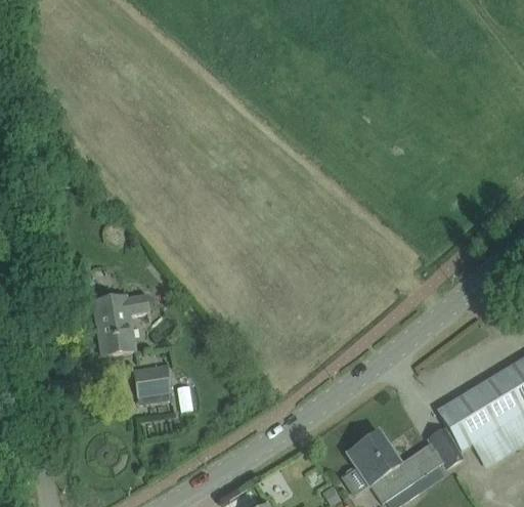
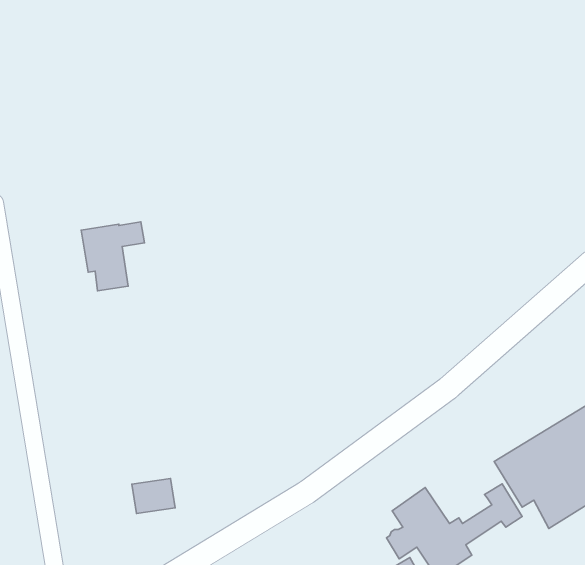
building: [93,294,148,354] -> [81,222,144,291]
building: [133,366,171,396] -> [132,478,175,514]

